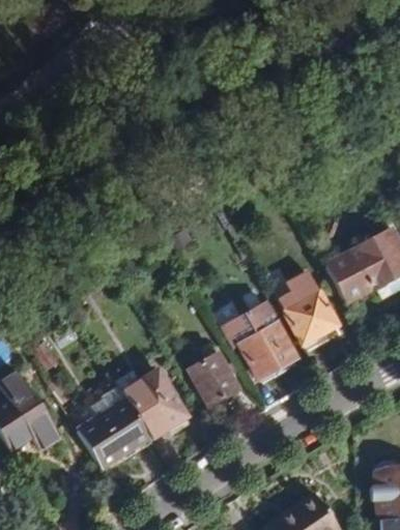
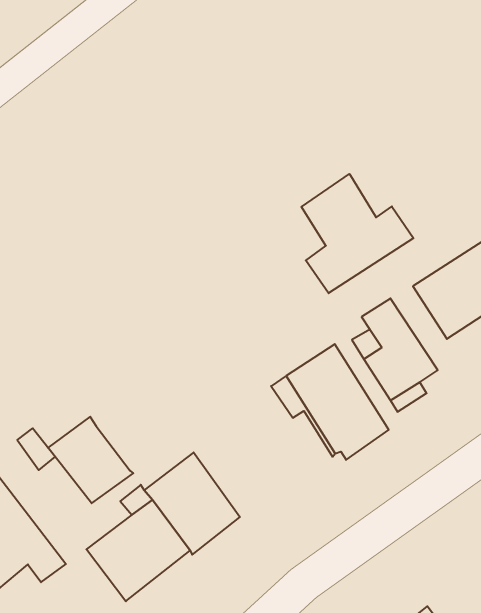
building: none -> [301,174,413,293]
building: none -> [48,417,133,503]
building: [187,351,238,406] -> none

